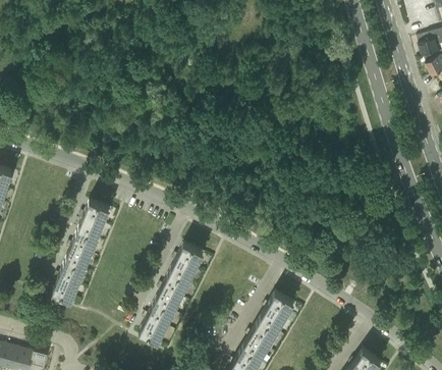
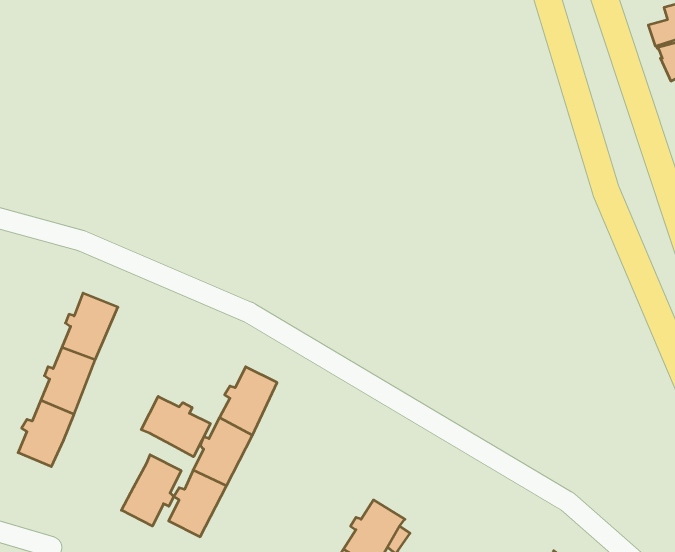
building: none -> [141,396,210,457]
building: [262,292,297,331] -> none
building: none -> [121,455,181,526]

